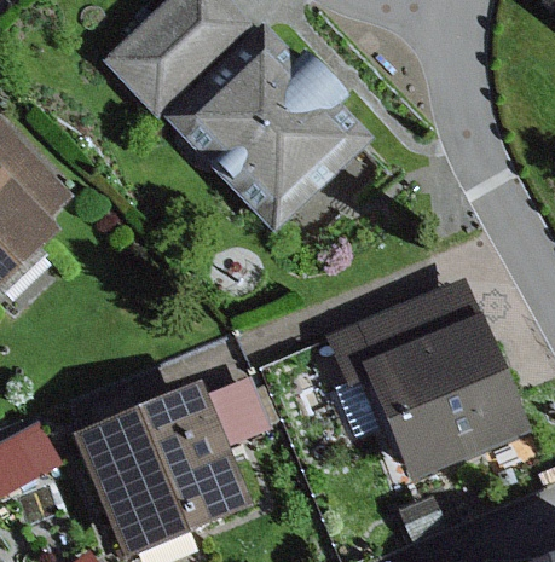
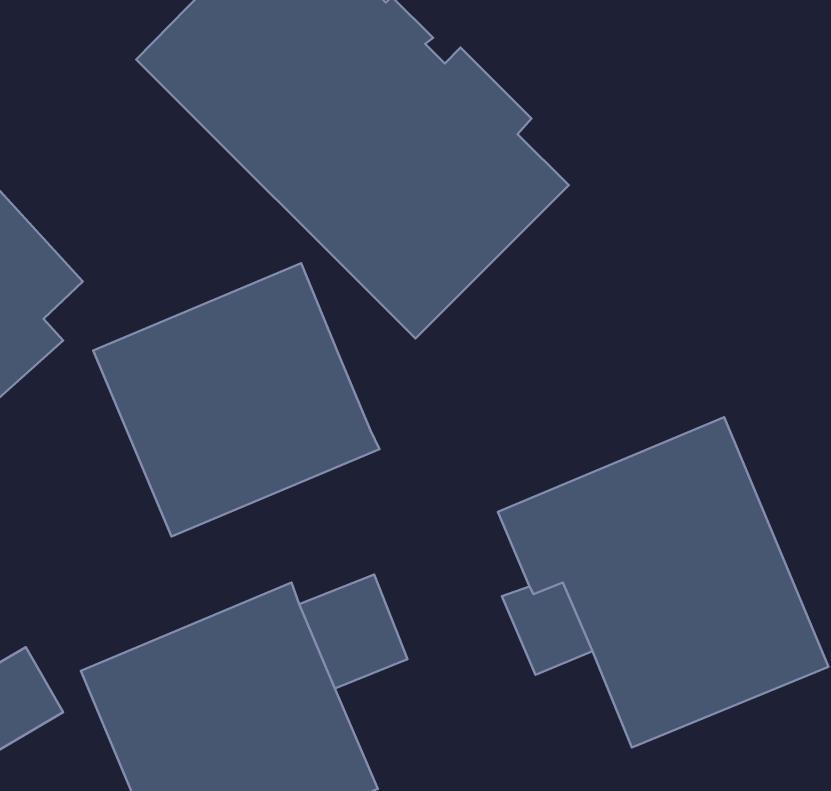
building: none -> [93,263,380,537]

